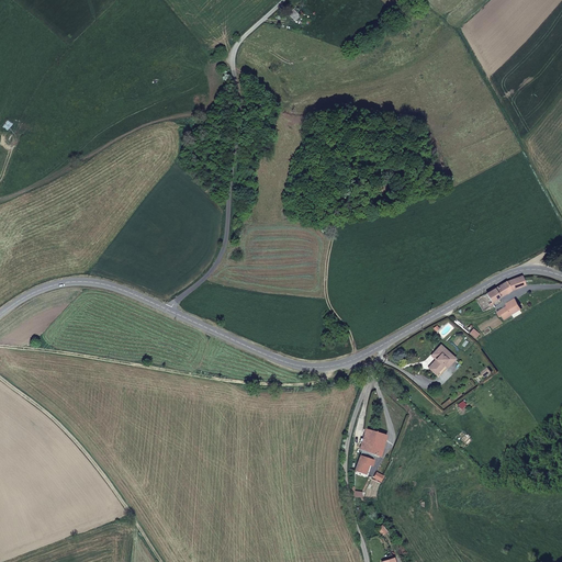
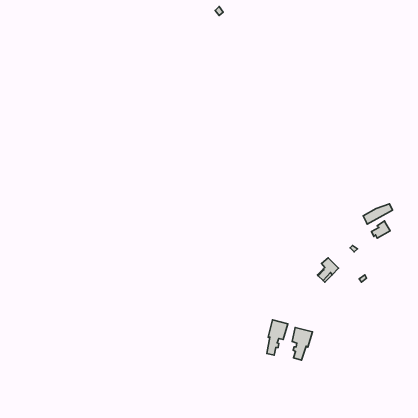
building: none -> [292,327,312,360]

